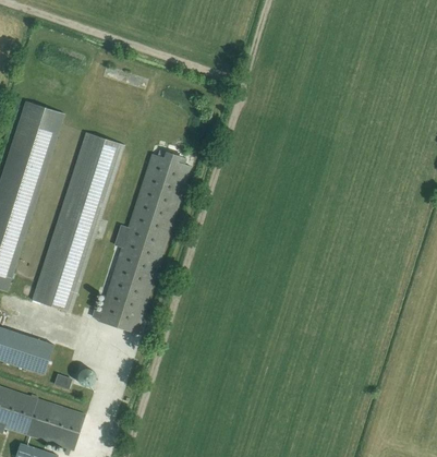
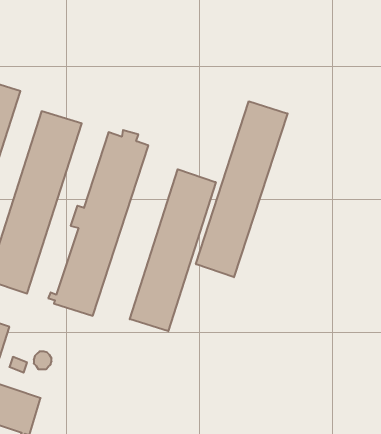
building: none -> [196,101,288,277]
building: none -> [130,169,216,331]

